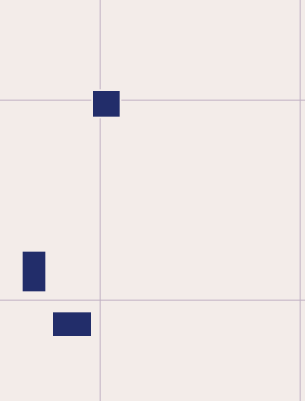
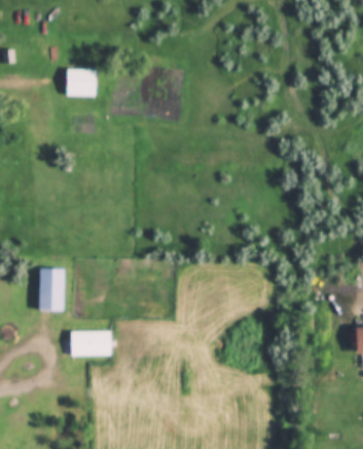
building: [92,90,121,117] -> [67,69,96,97]

